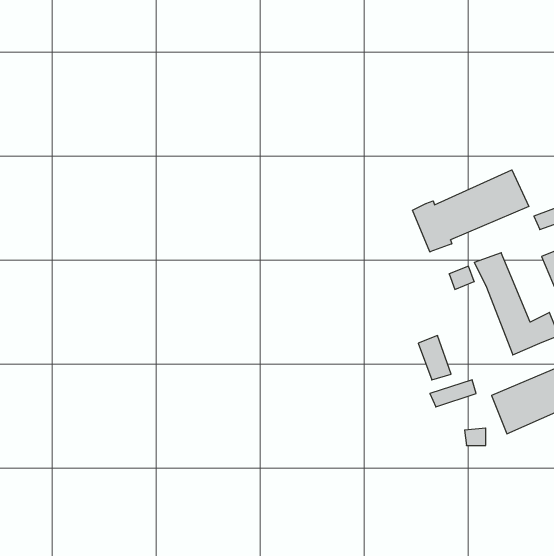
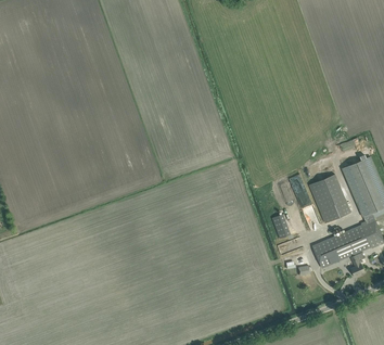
building: [413,170,529,252] -> none

